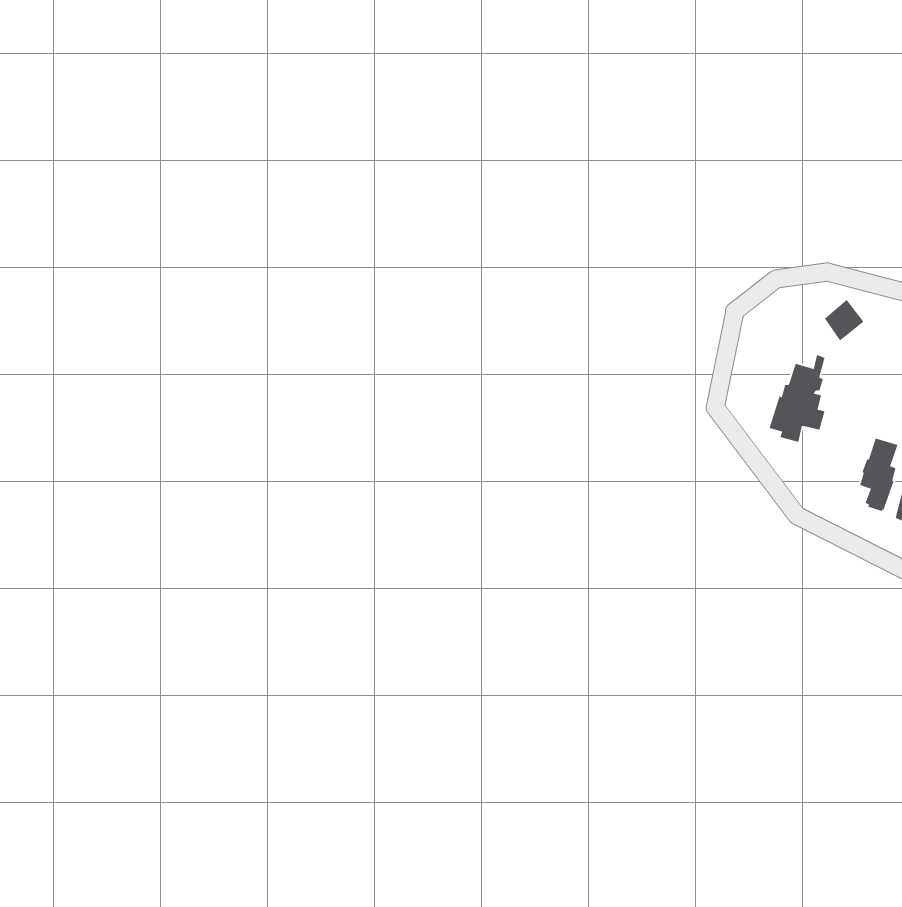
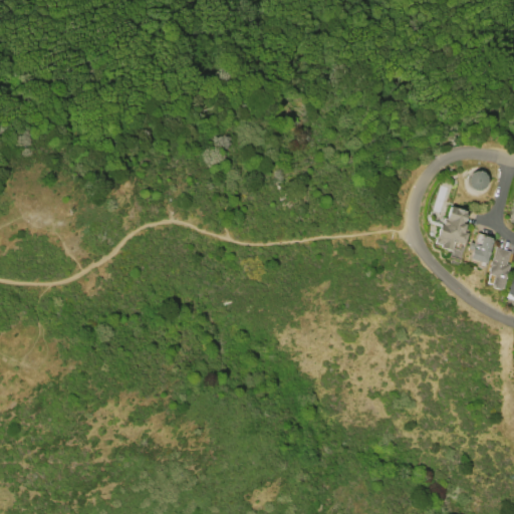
building: none -> [471,236,494,264]

